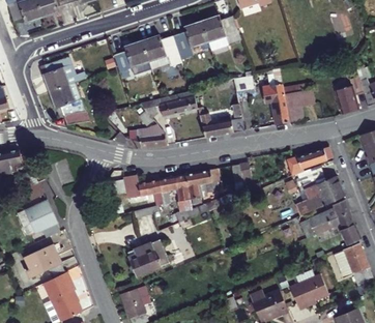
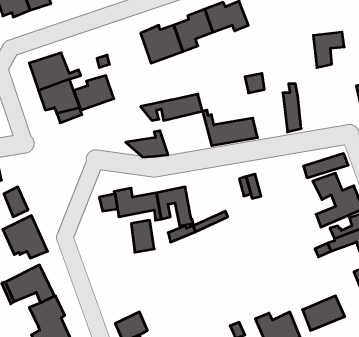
building: [115,37,151,68] -> [74,76,114,110]
building: [286,91,314,123] -> [313,32,344,68]
building: [184,170,220,205] -> none
building: [124,241,167,277] -> none

